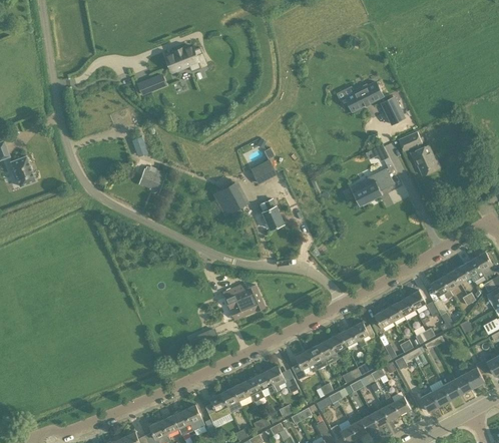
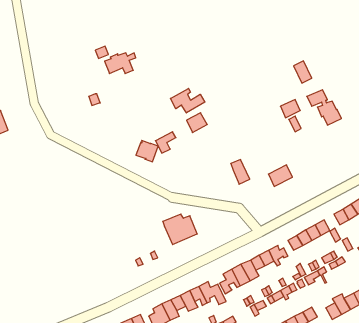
building: [165,47,203,72] -> [105,53,136,74]
building: [345,82,382,111] -> none
building: none -> [170,88,205,113]
building: [138,166,165,192] -> [136,140,158,162]
building: [350,175,379,201] -> [268,165,292,186]
building: [260,199,283,230] -> [231,160,250,184]

